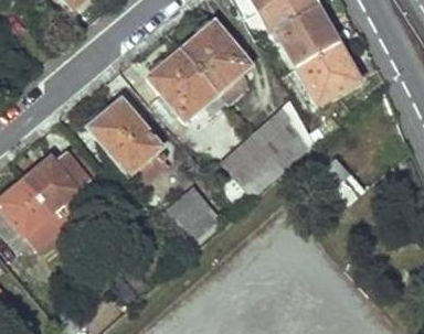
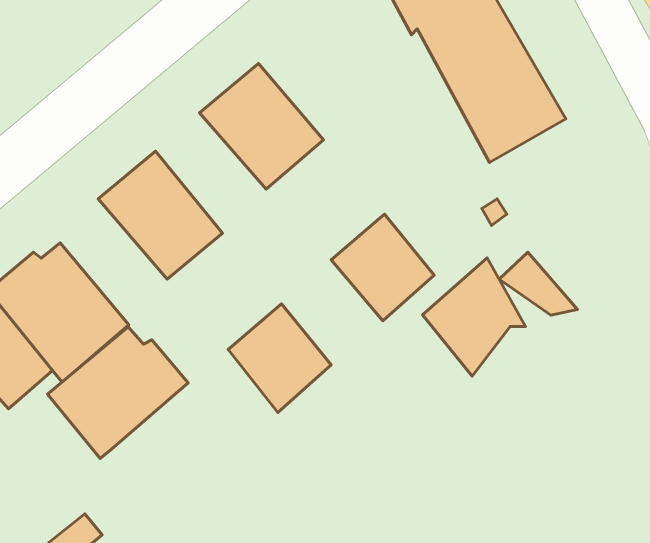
building: [181,20,251,90] -> none
building: [254,100,314,169] -> [422,258,525,376]
building: none -> [48,327,188,459]

